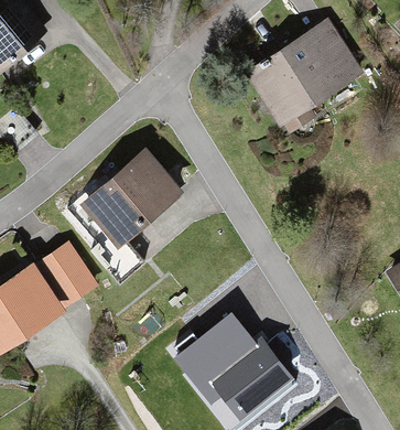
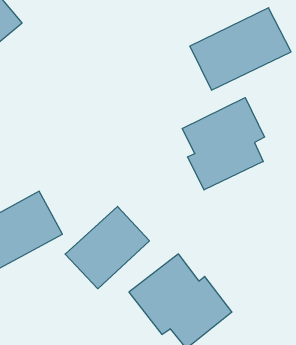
building: none -> [182,98,265,190]
building: [77,150,176,247] -> [65,206,149,289]

